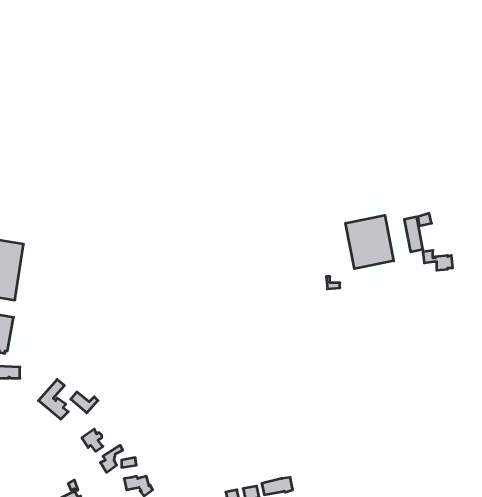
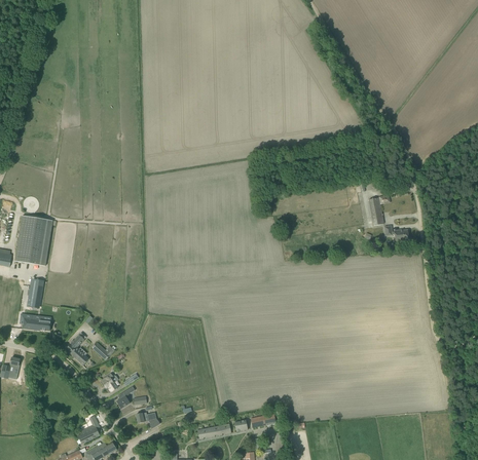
building: [346,215,394,269] -> none

